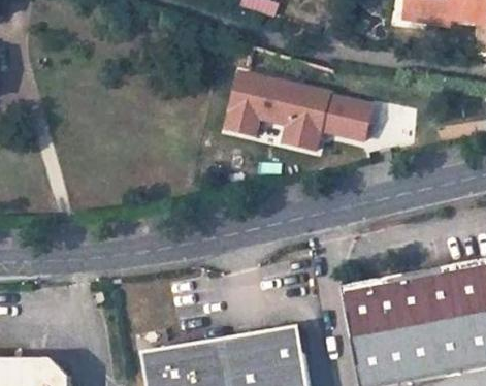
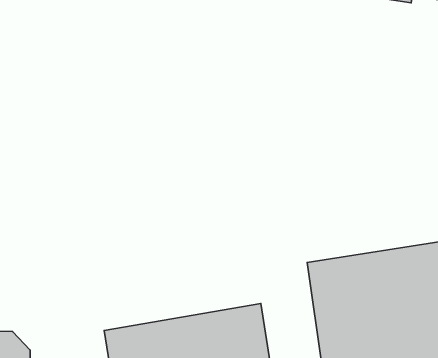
building: [225,72,370,150] -> none

